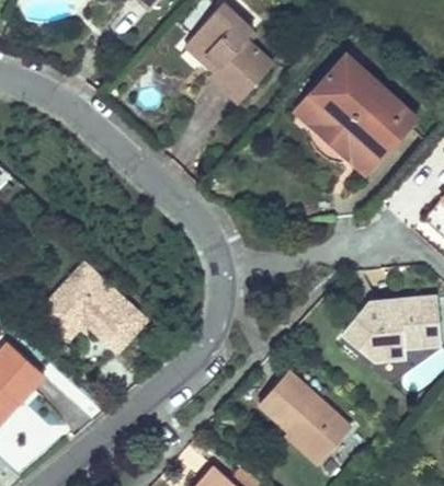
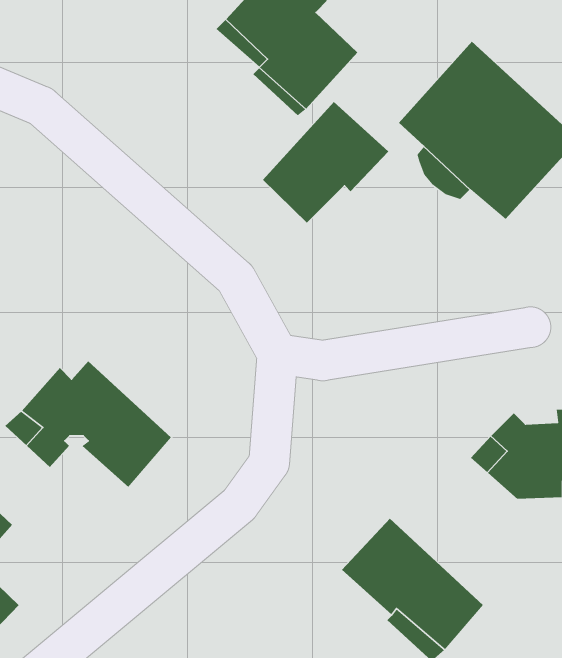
building: none -> [262,101,389,223]

